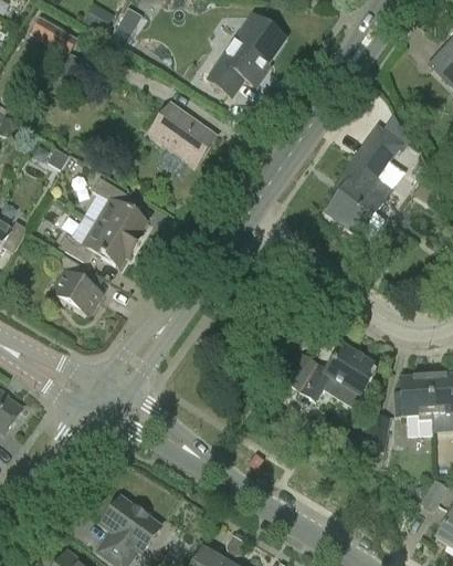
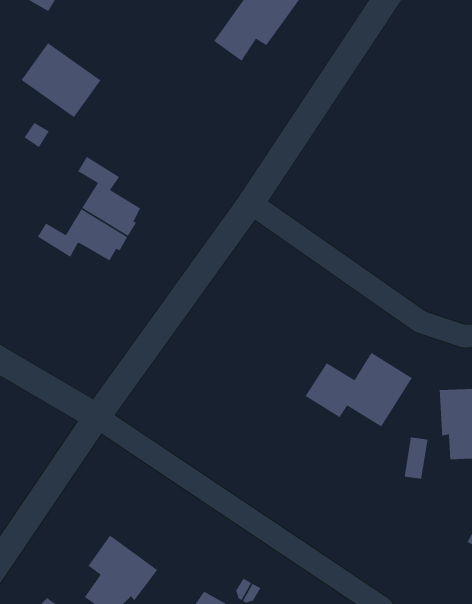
building: [148,103,217,167] -> [20,42,101,118]
building: [325,127,401,233] -> none
building: [49,254,103,317] -> none

